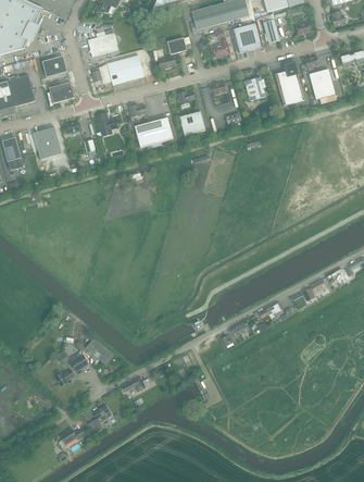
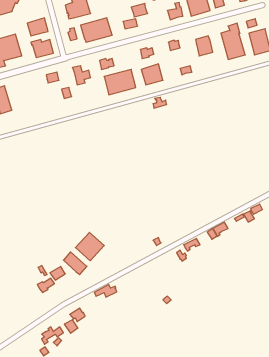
building: [34,126,62,159] -> none
building: none -> [75,232,104,261]

